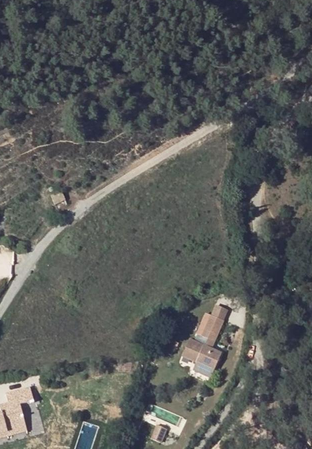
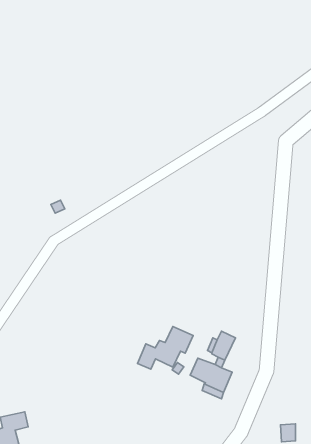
building: none -> [138,327,193,369]

